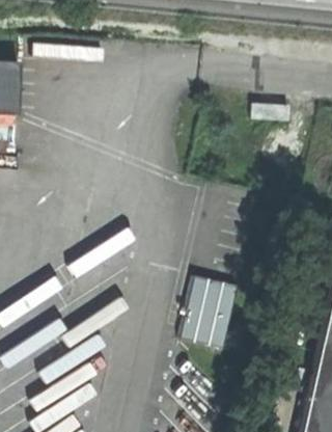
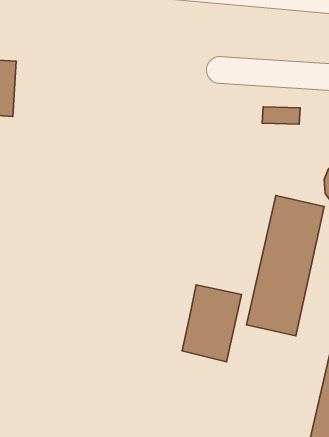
building: none -> [247,196,324,336]

